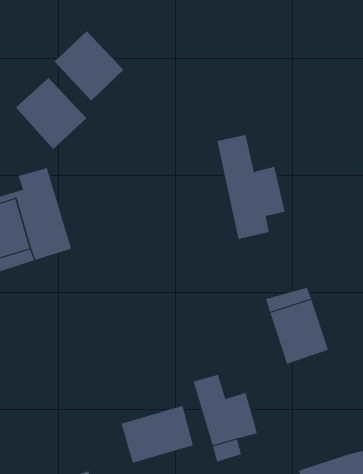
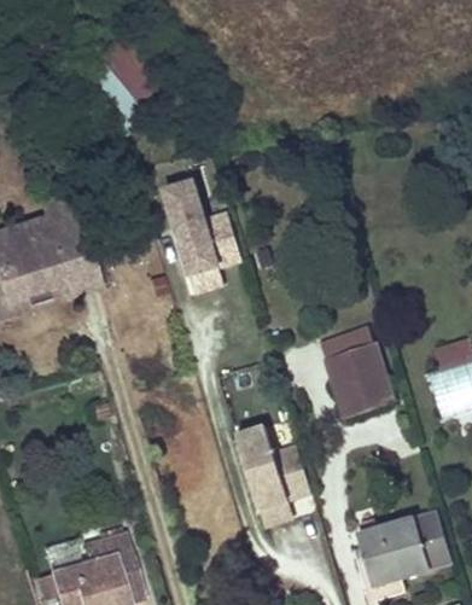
building: [15,77,87,150] -> none
building: [216,135,285,239] -> [162,170,240,290]
building: [121,405,194,463] -> none

